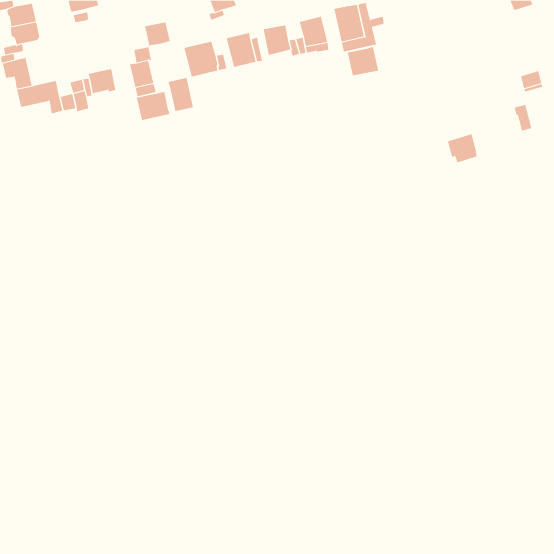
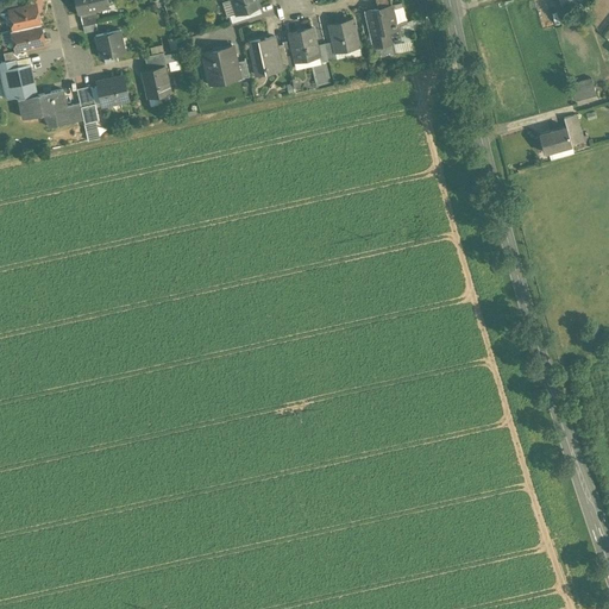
building: [144,22,171,47] -> [95,31,124,58]
building: [347,46,379,76] -> none
building: [168,77,194,112] -> none
building: [136,91,170,121] -> none
building: [447,134,478,163] -> [539,127,572,159]

